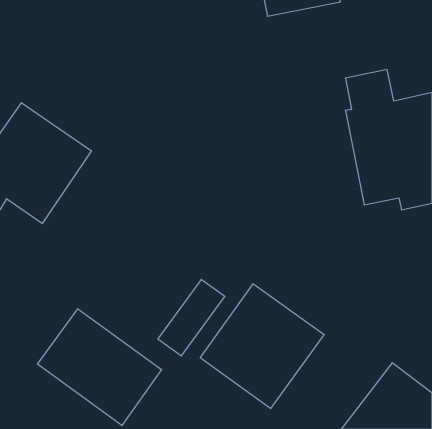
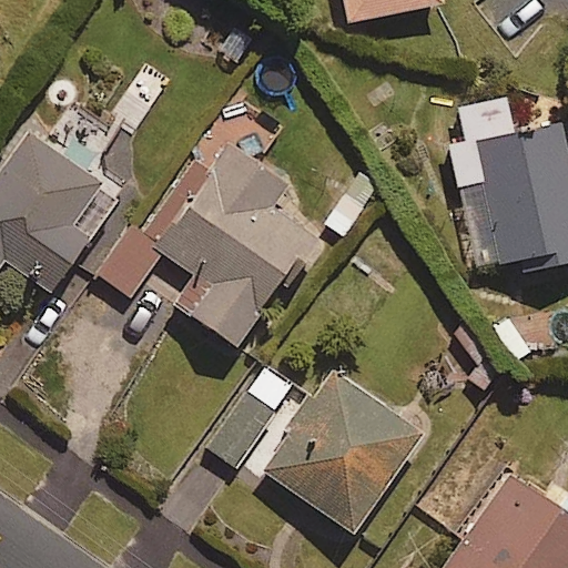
building: none -> [94,148,320,347]
building: [37,309,162,426] -> none

